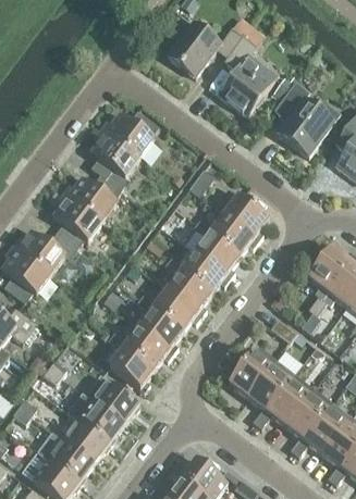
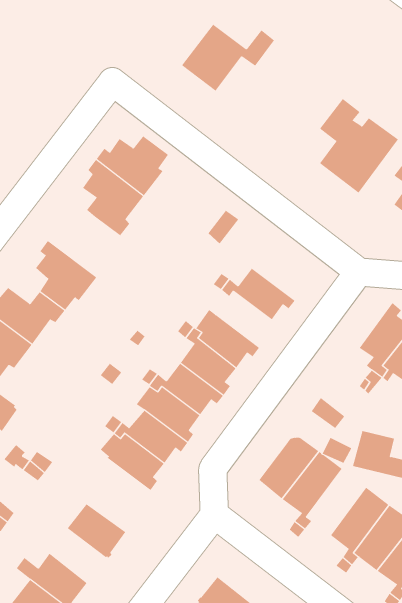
building: [219,36,277,115] -> none
building: [62,175,120,223] -> none
building: [214,189,268,241] -> none
building: [195,234,240,278] -> none
building: [267,374,314,426] -> none
building: [85,375,139,424] -> none
building: [63,421,109,464] -> none

